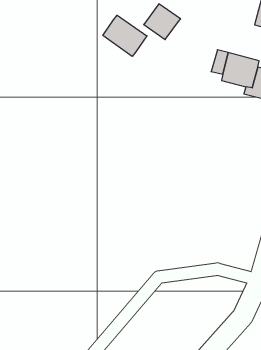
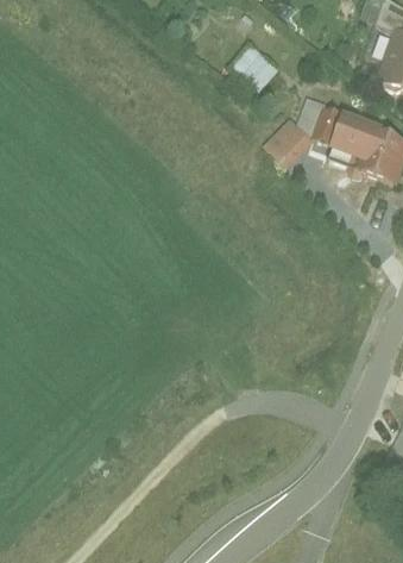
building: [103,15,147,56] -> none
building: none -> [266,115,314,163]

